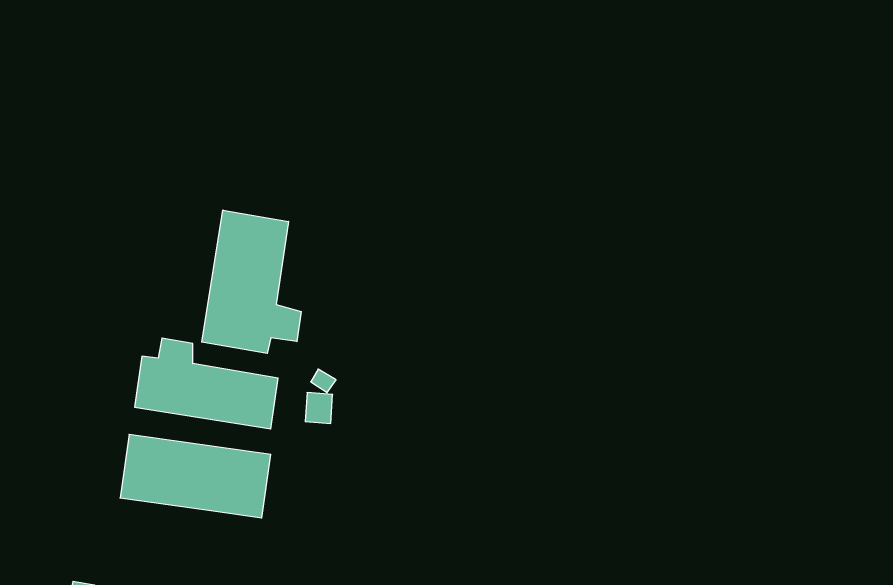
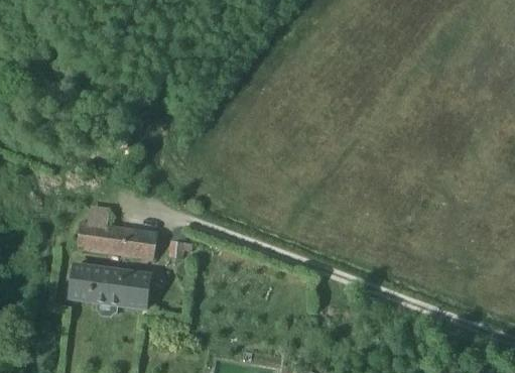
building: [202,210,301,353] -> none

